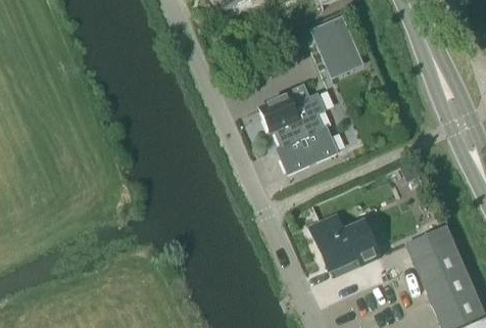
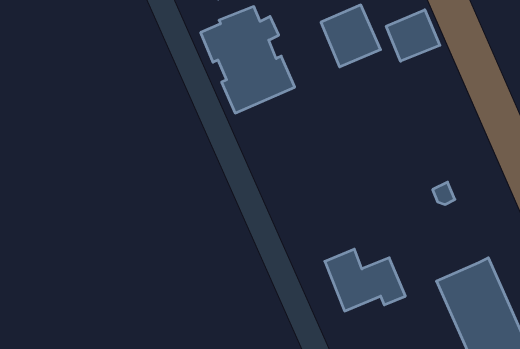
building: none -> [386,10,440,61]
building: [260,86,338,174] -> [201,7,295,113]

